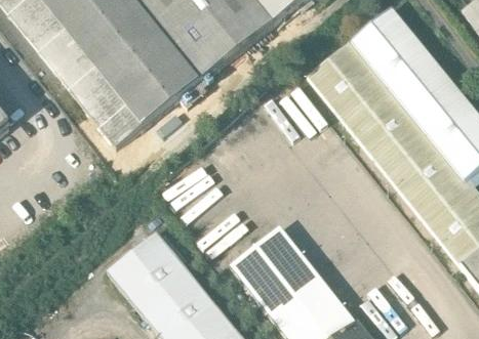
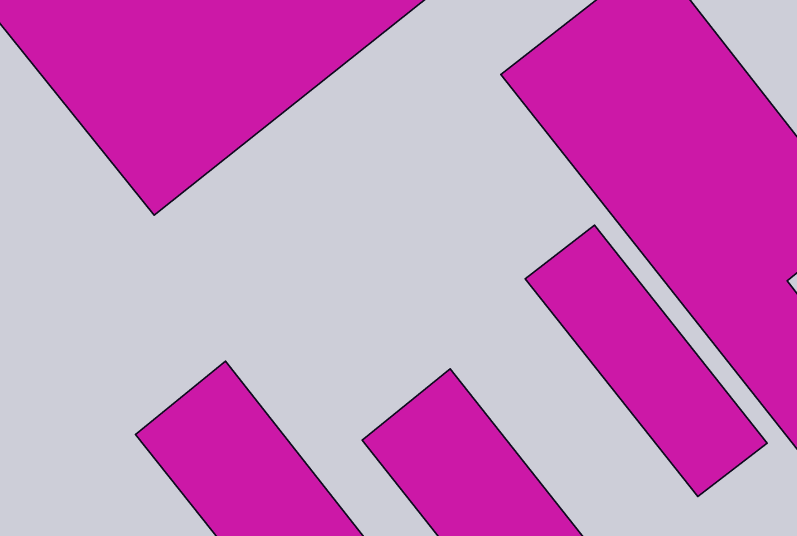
building: none -> [525,225,767,497]

